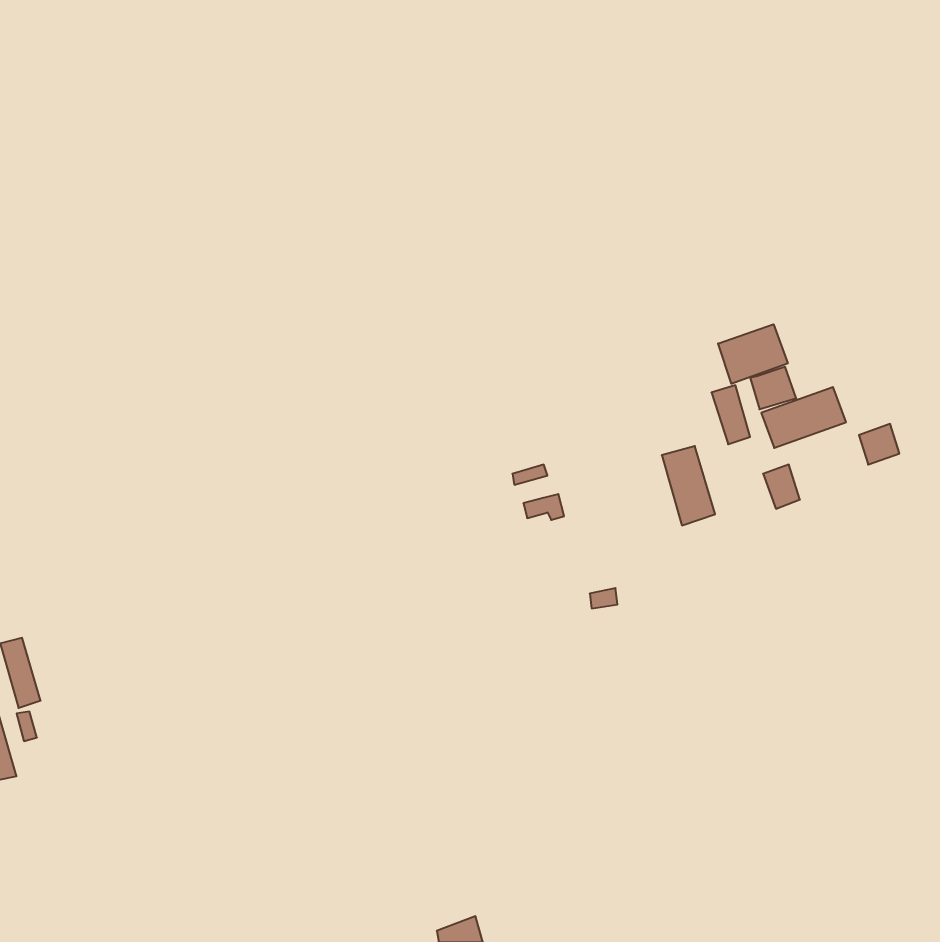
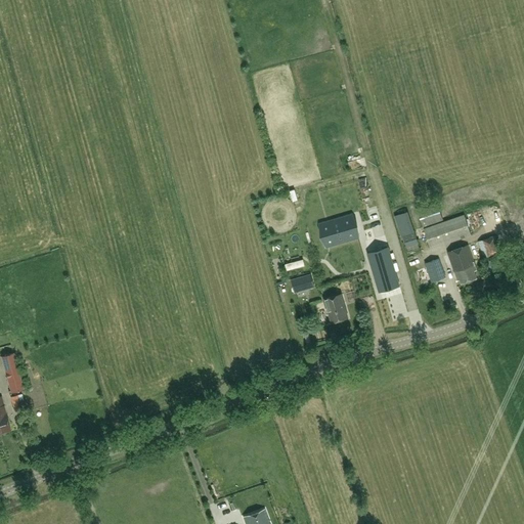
building: [718,324,788,384] -> none
building: none -> [319,215,358,247]
building: none -> [446,246,476,283]
building: none -> [323,295,347,322]

